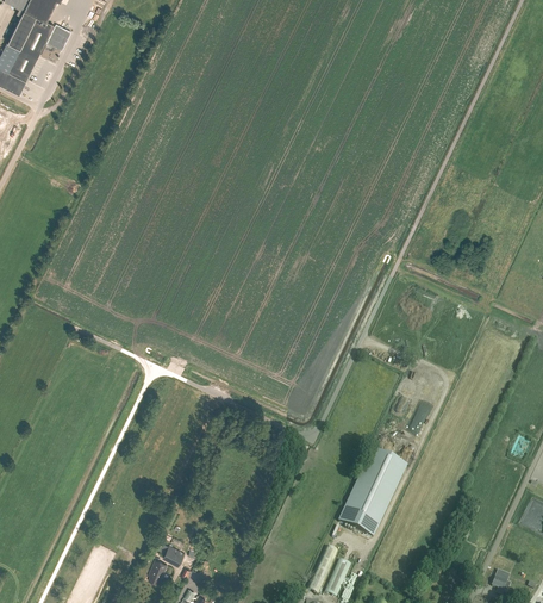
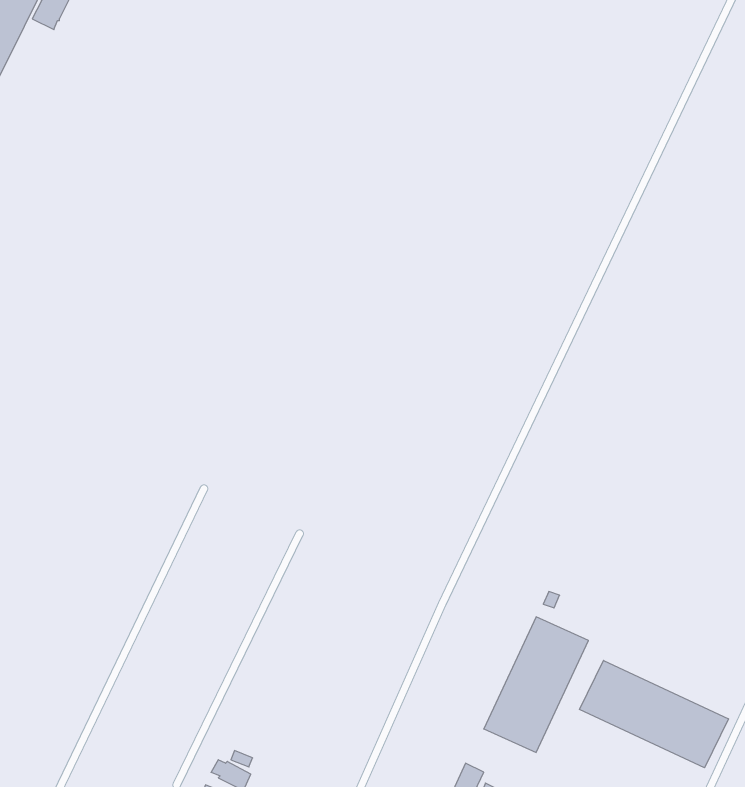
building: none -> [580,660,728,768]

